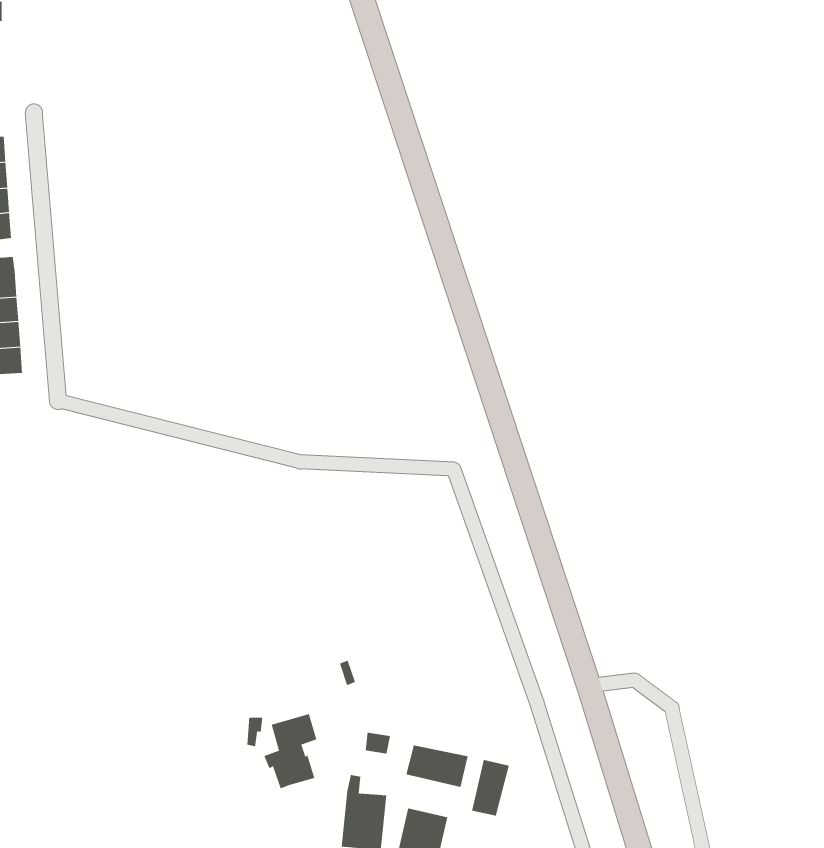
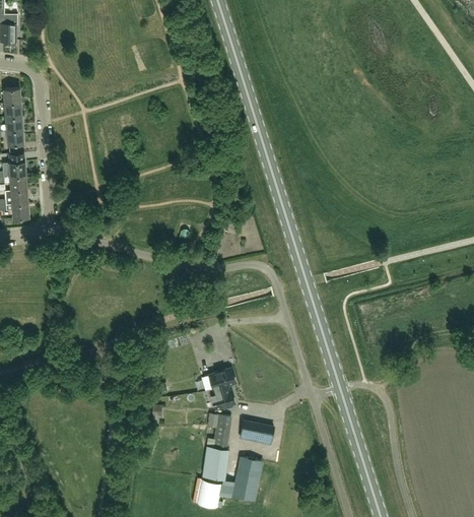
building: [263,713,317,789] -> [205,369,234,410]
building: [471,759,510,816] -> none

